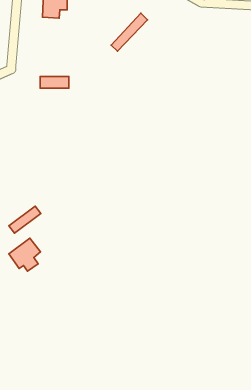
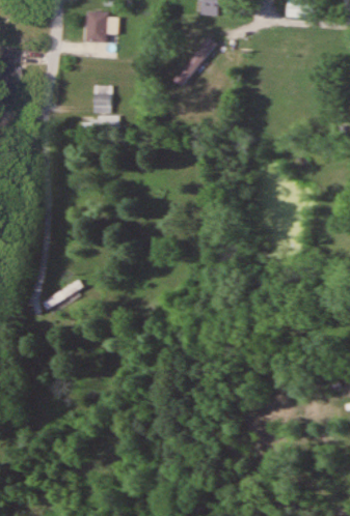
building: none -> [93,86,111,112]
building: [9,238,40,271] -> none

